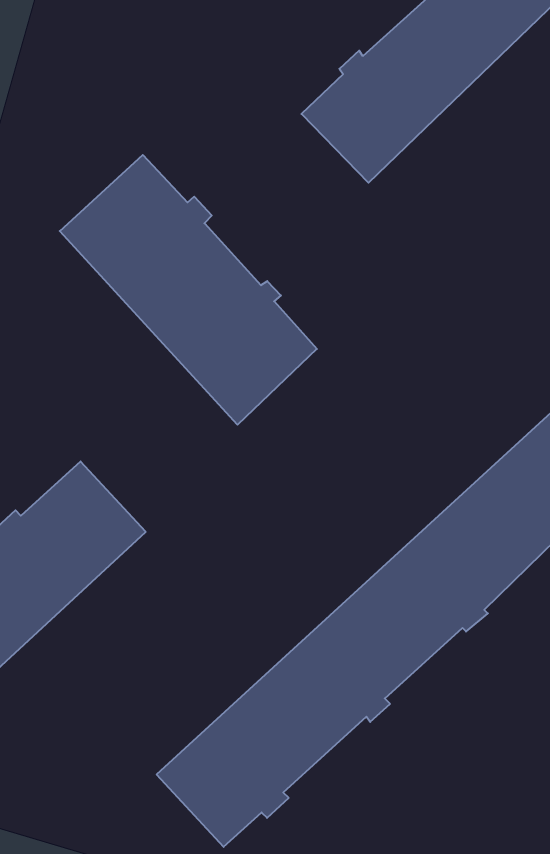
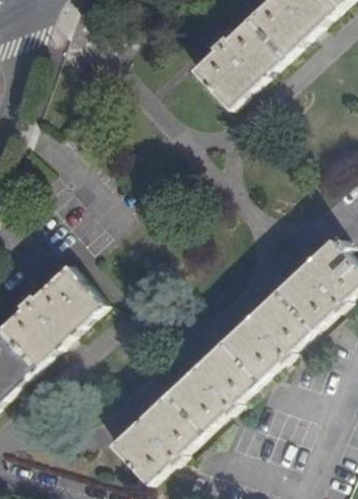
building: [60,155,317,425] -> none

